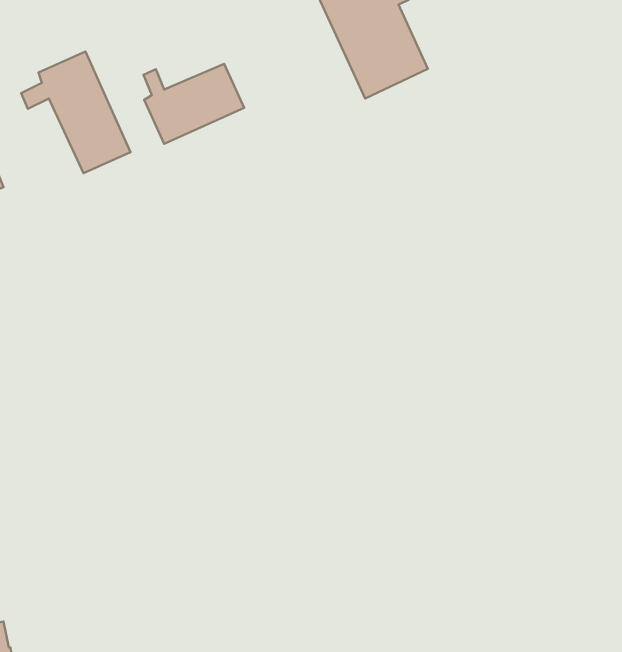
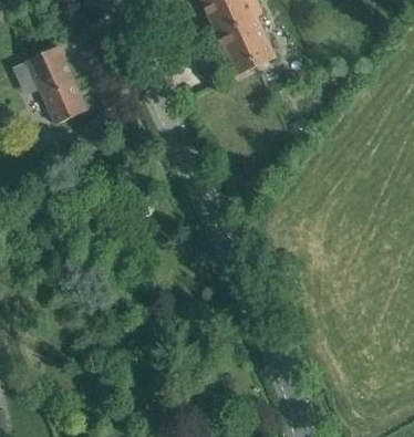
building: [143,64,244,144] -> none

